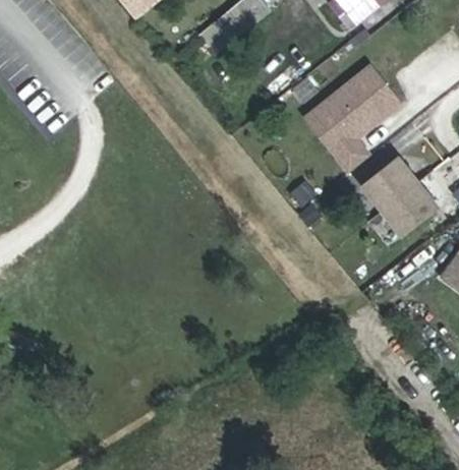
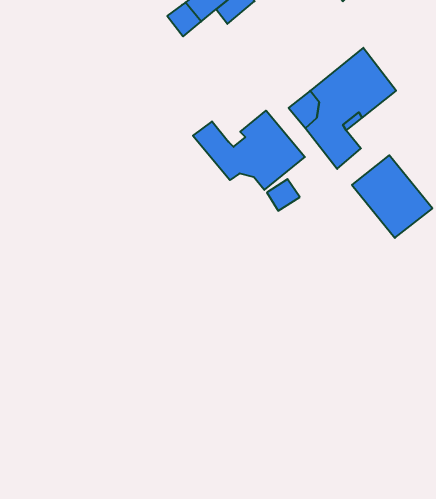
building: none -> [193,111,305,190]

